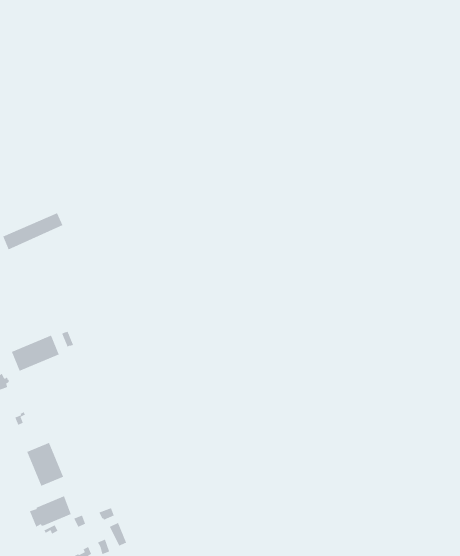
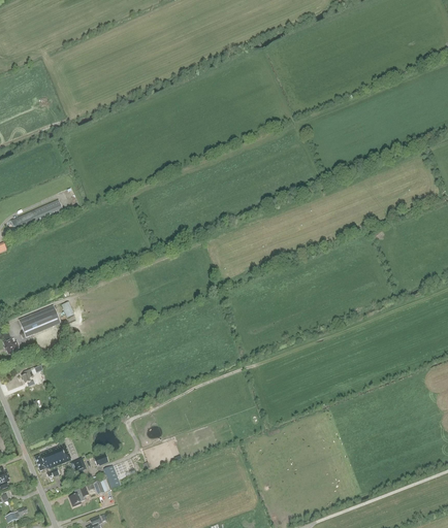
building: [26,442,64,487] -> none

